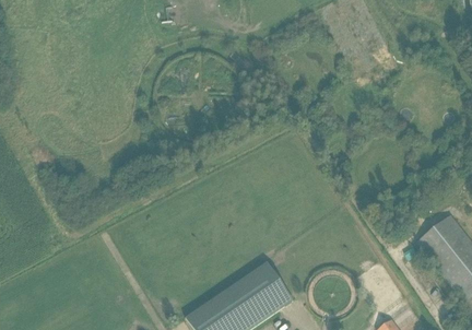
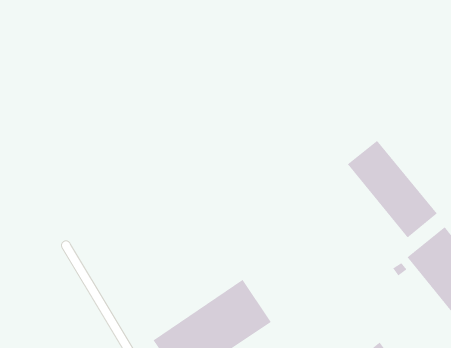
building: none -> [347,140,438,239]

